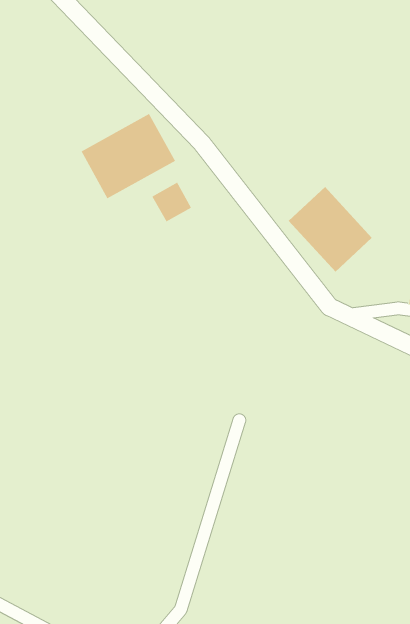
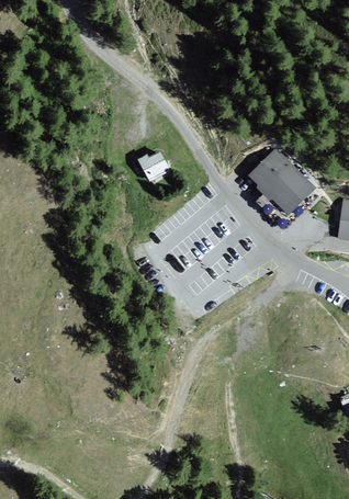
building: [81,113,176,199] -> none

